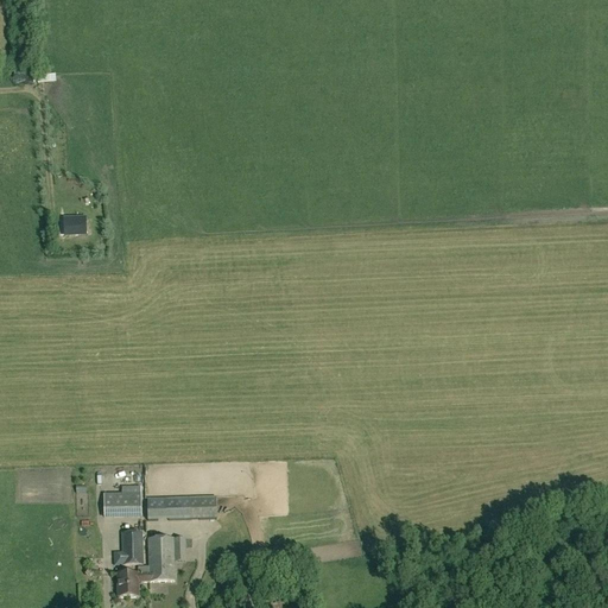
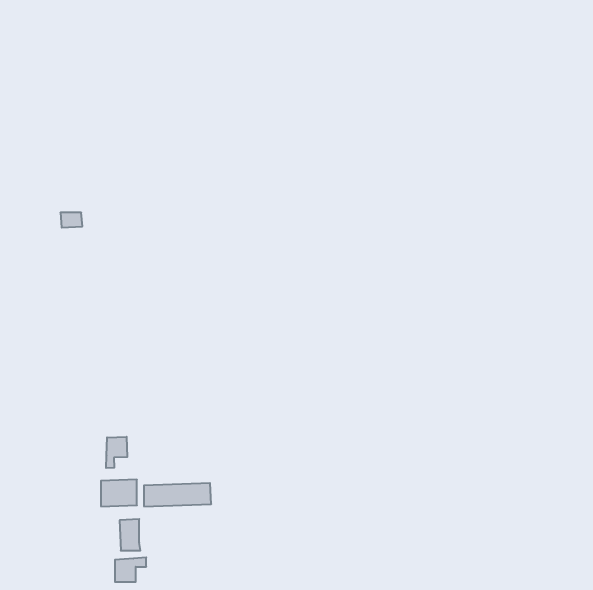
building: none -> [106,437,127,468]
building: [137,536,175,580] -> none

